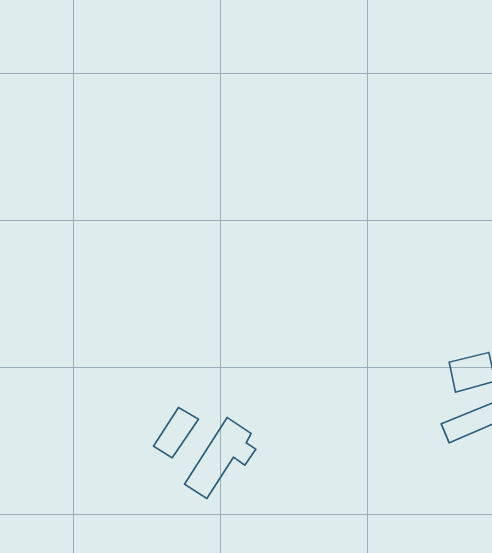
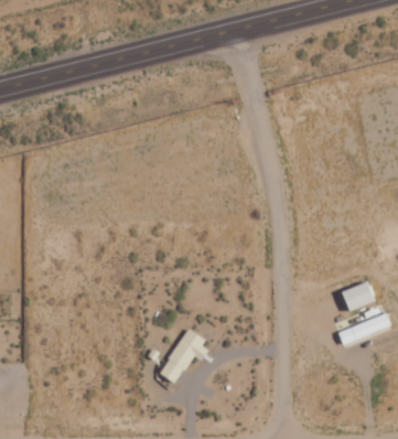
building: [153,407,198,458] -> none

